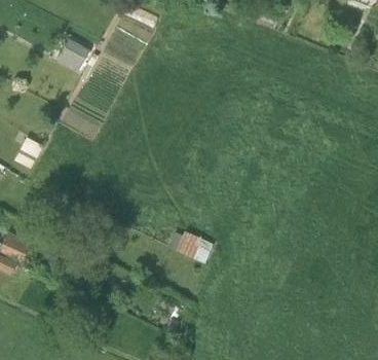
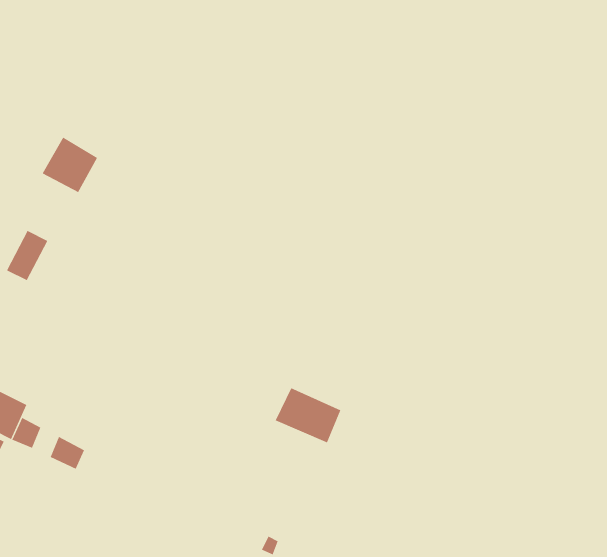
building: [58,38,90,71] -> [42,137,98,193]

